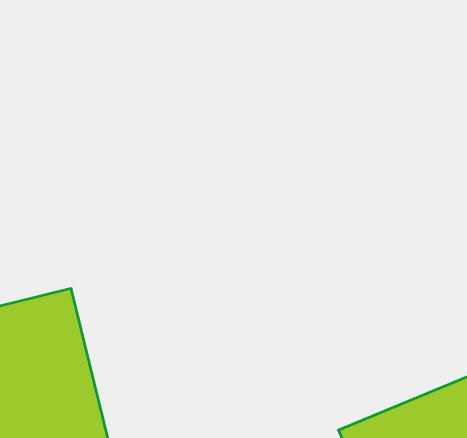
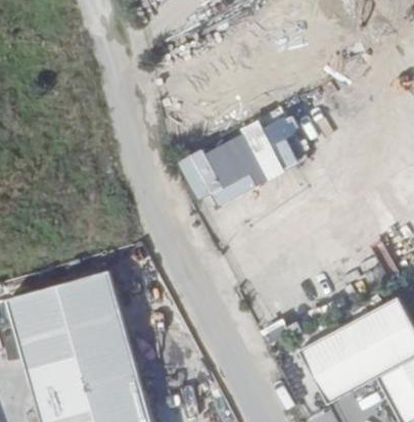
building: none -> [185,122,291,203]

